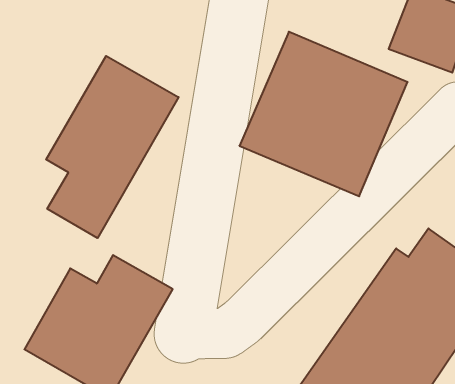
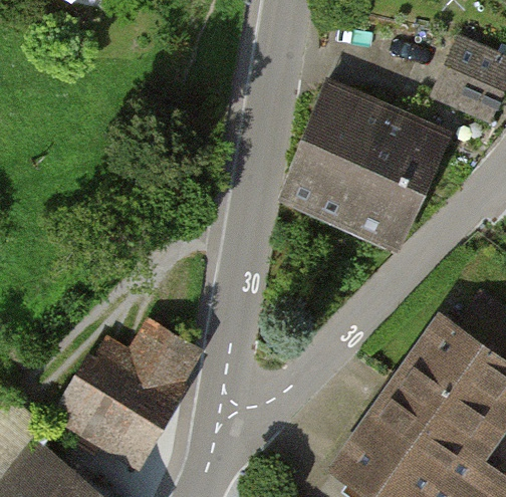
building: [46,56,179,238] -> none

